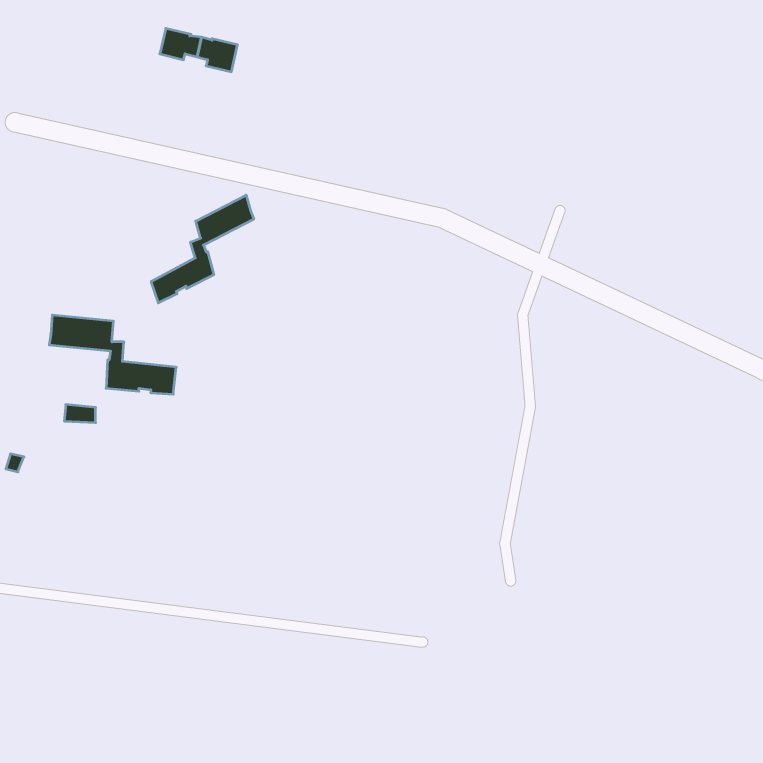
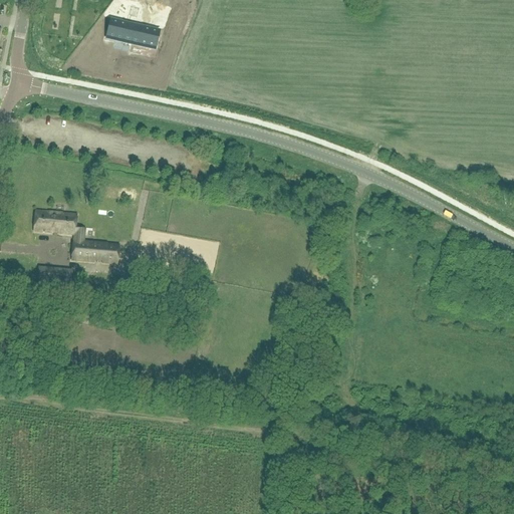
building: [151,195,254,303] -> none

